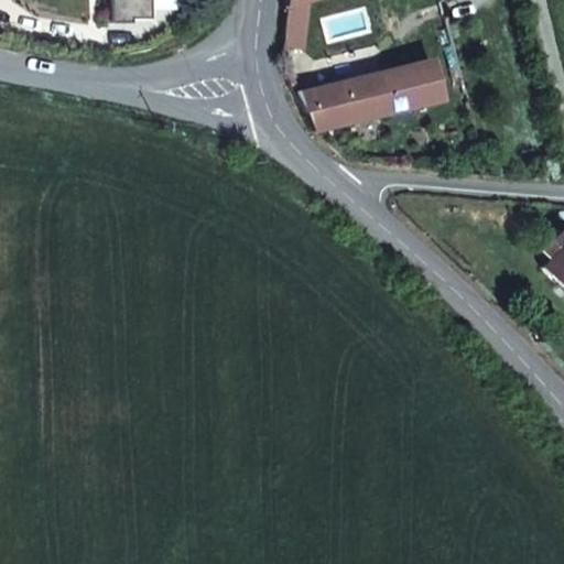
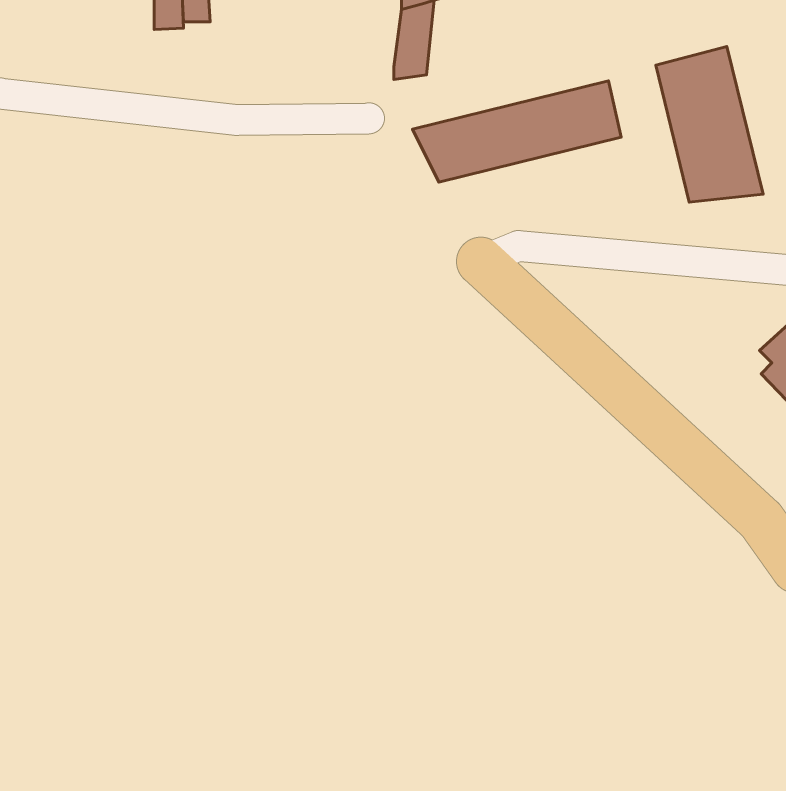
building: none -> [656,47,763,202]

